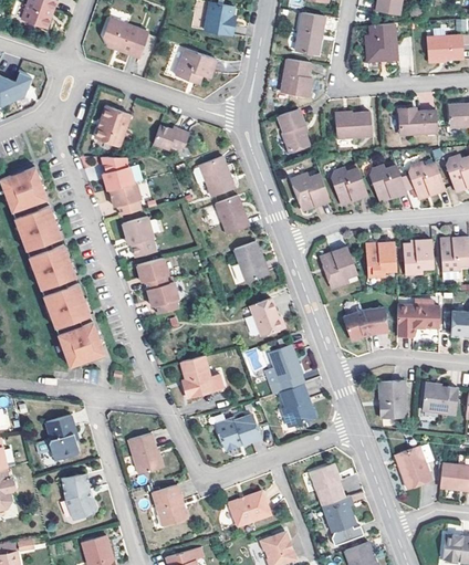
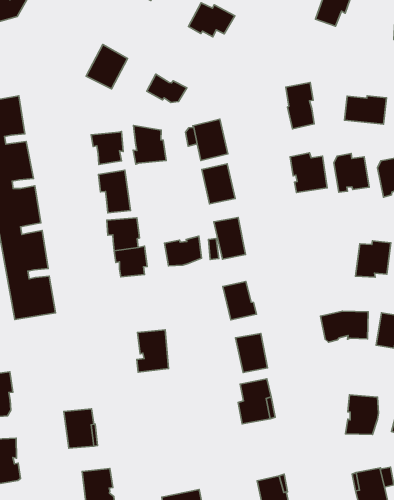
building: [279,60,309,96] -> none
building: [100,156,134,190] -> [133,125,166,164]
building: [319,247,356,287] -> none
building: none -> [165,236,201,266]
building: [216,412,260,449] -> none

